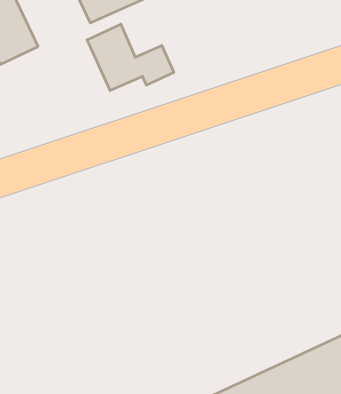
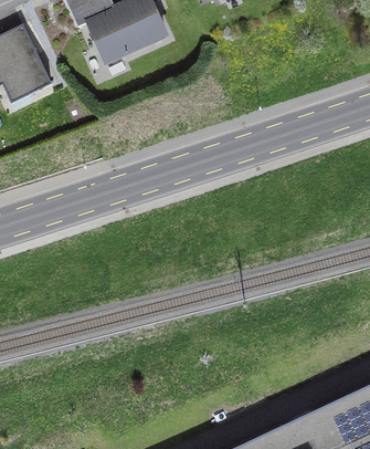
building: [87,24,174,91] -> none

